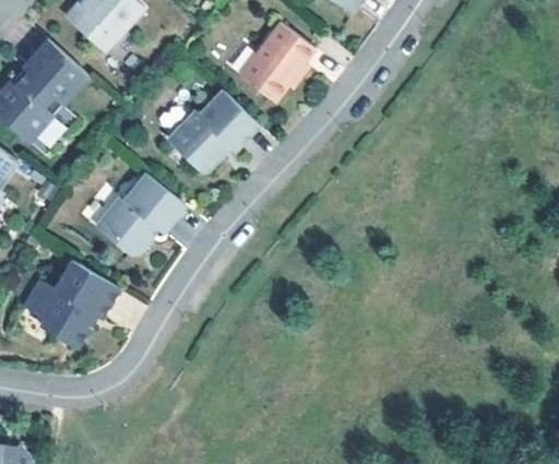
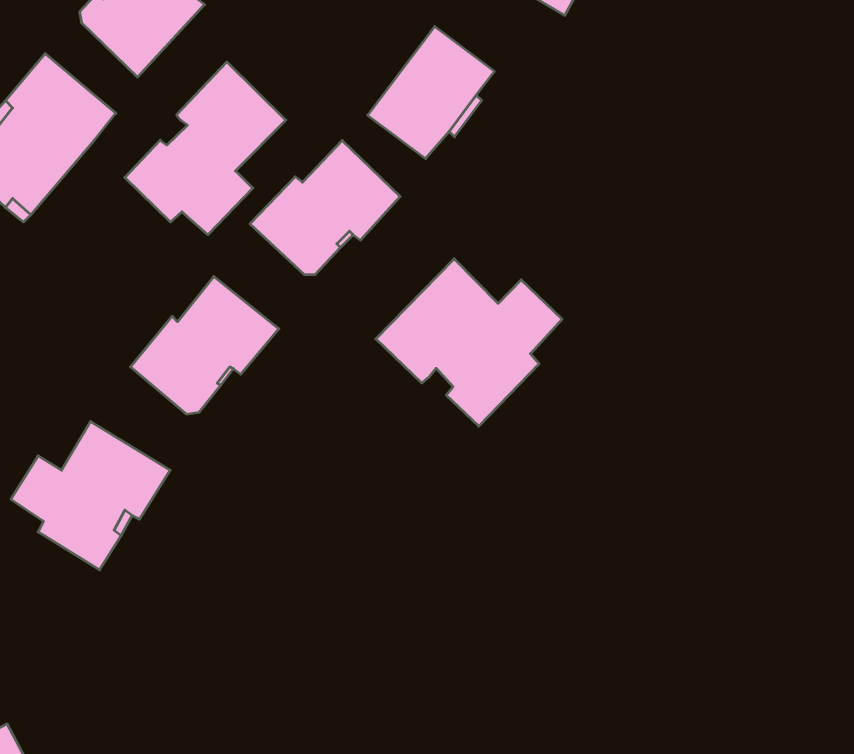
building: none -> [125,62,286,235]
building: none -> [376,259,562,426]

